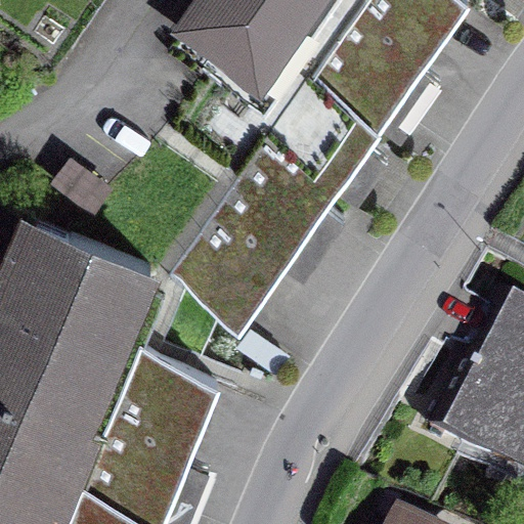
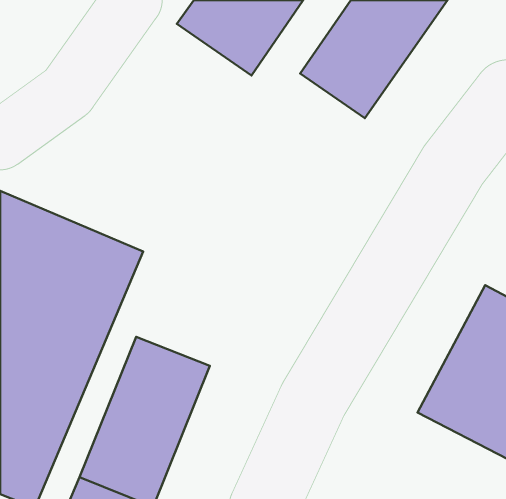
building: [173,85,378,330] -> none

